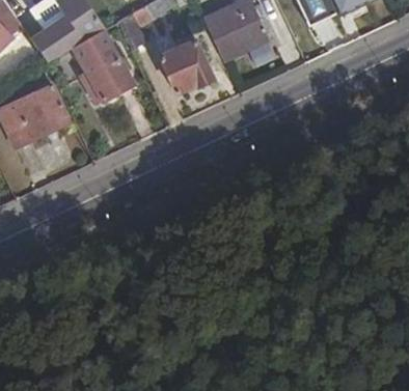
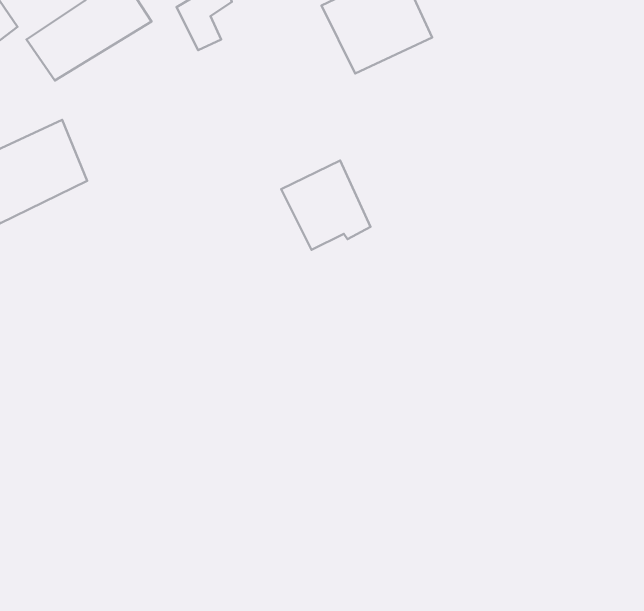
building: [159,40,211,92] -> [281,161,371,250]
building: [76,44,130,102] -> none

